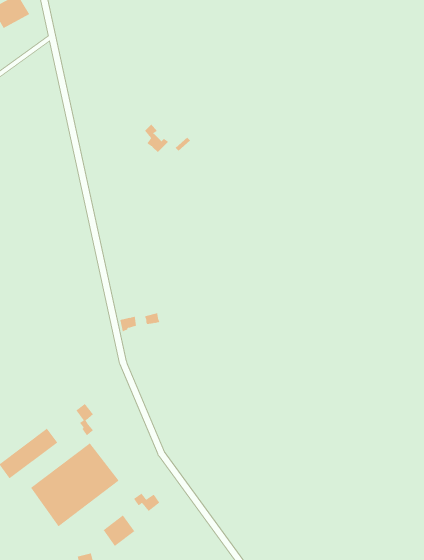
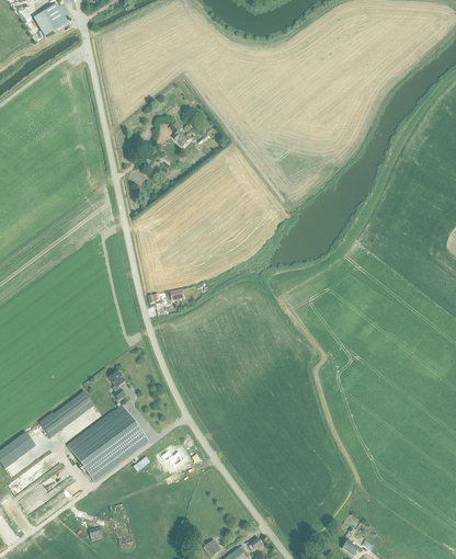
building: [103,515,135,547] -> none

